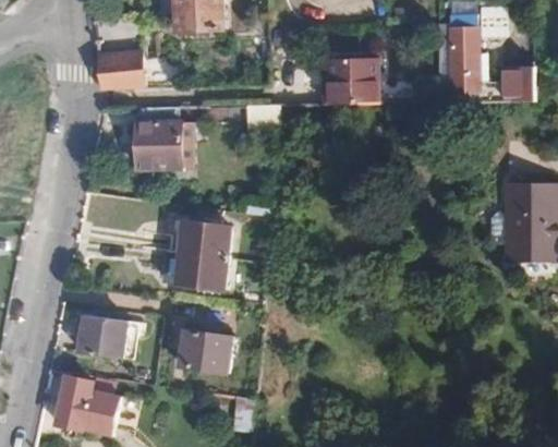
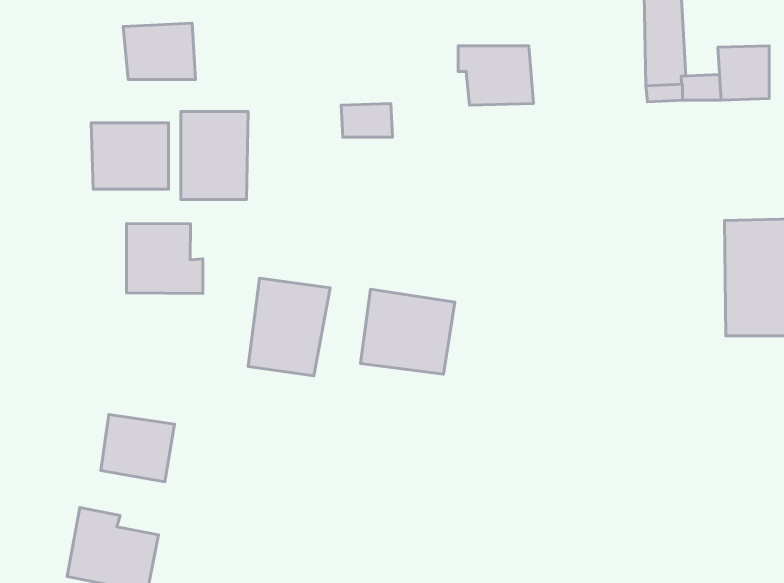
building: none -> [91,123,168,189]
building: none -> [127,224,203,294]
building: none -> [361,289,455,374]
building: [182,328,230,372] -> none

